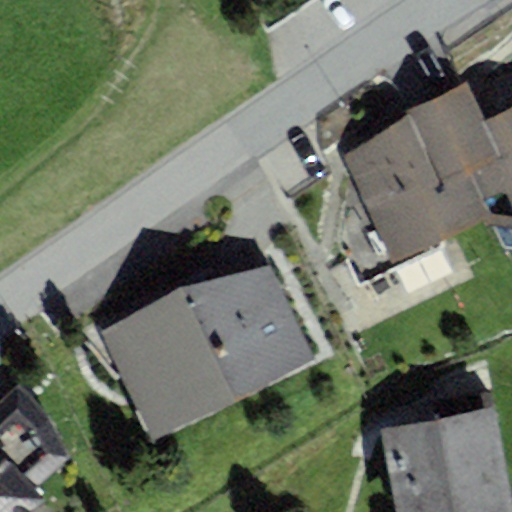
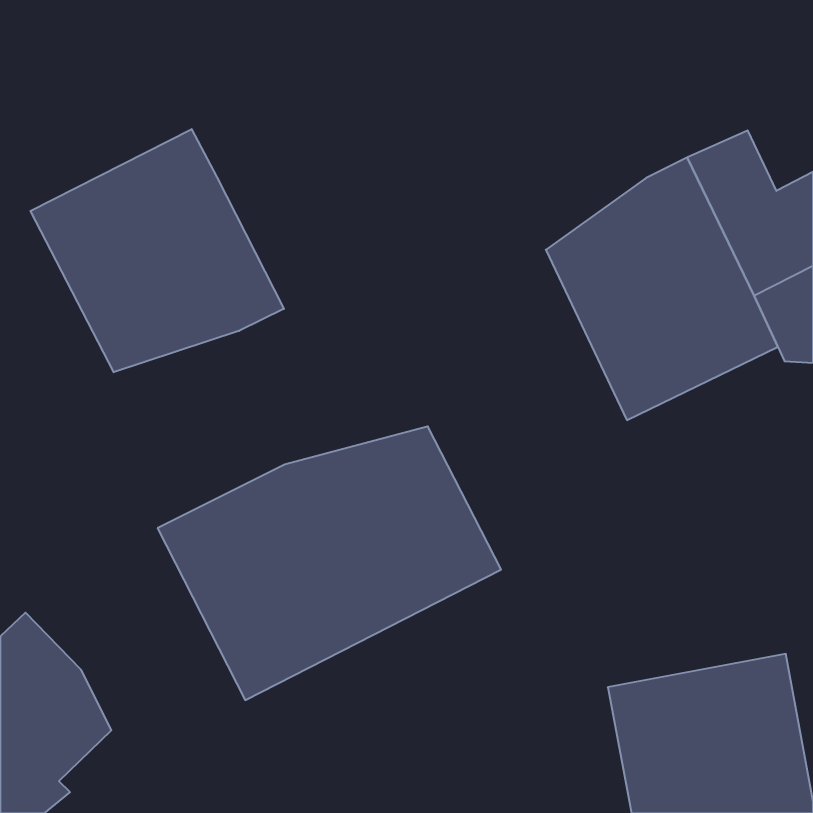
building: none -> [30,129,284,372]

